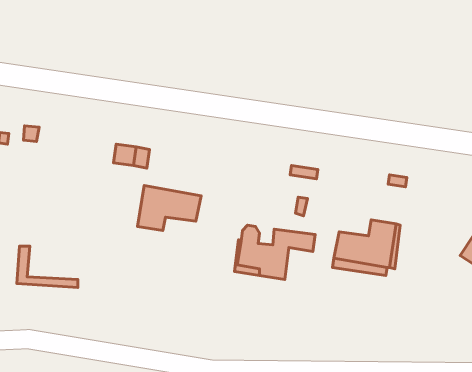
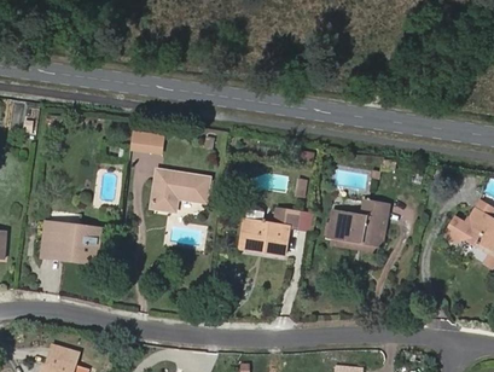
building: none -> [51,225,98,255]

